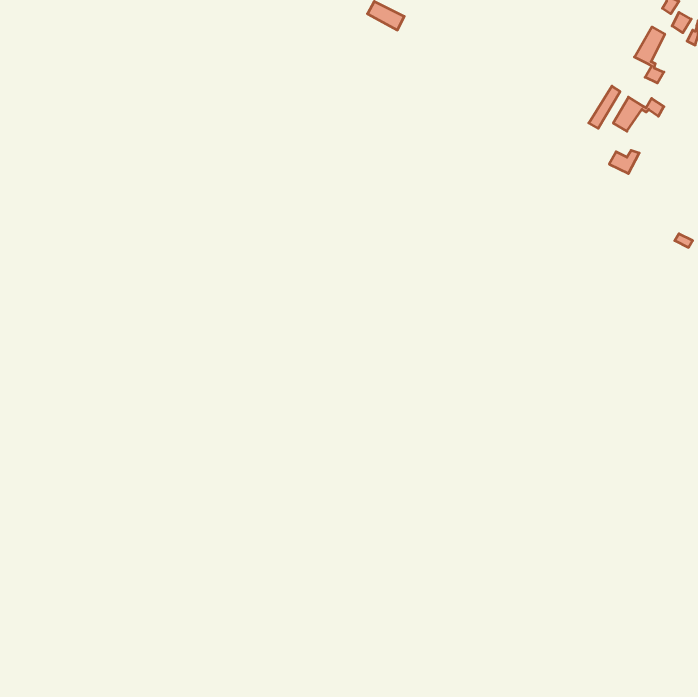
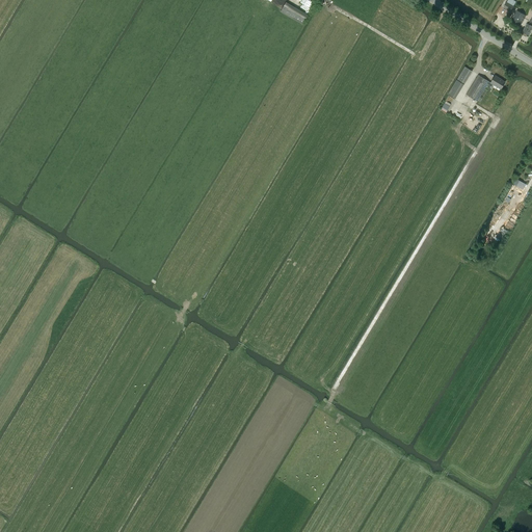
building: [634,27,665,83] -> none

